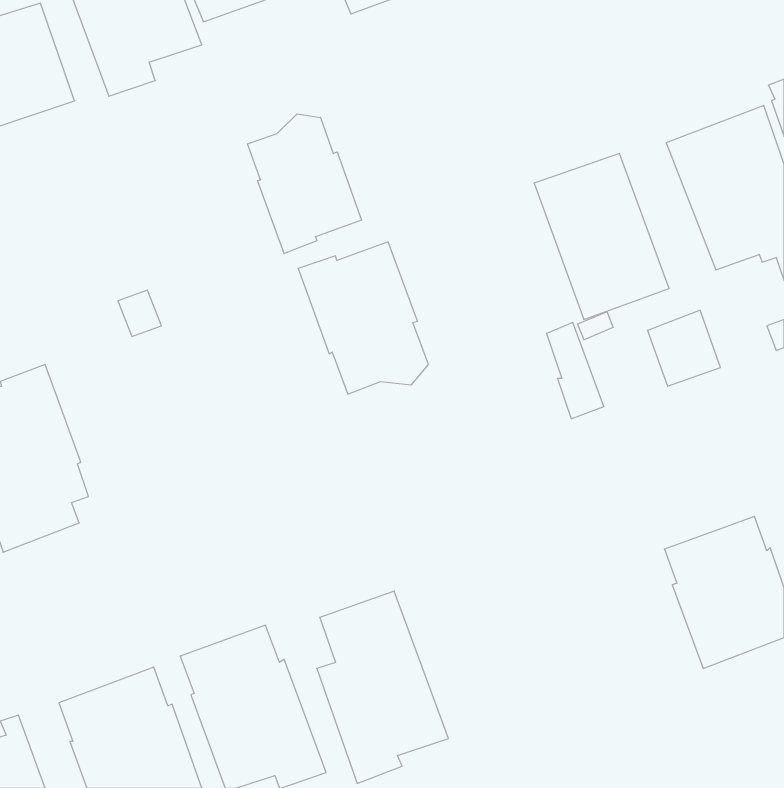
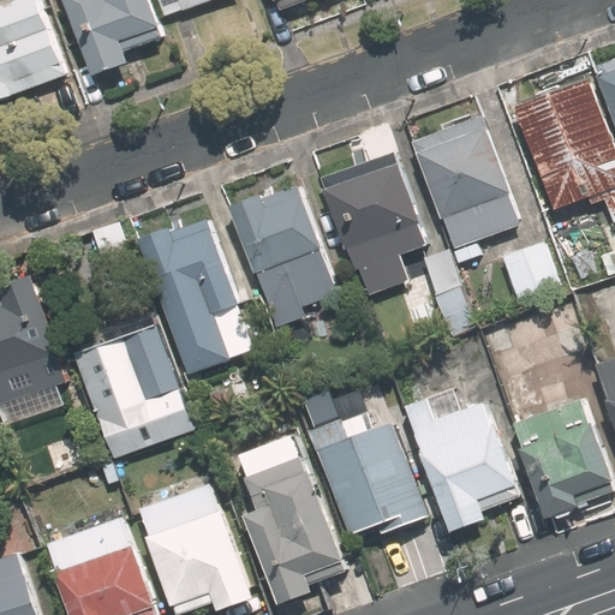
building: [248,114,361,254] -> none
building: none -> [322,153,425,292]
building: none -> [139,221,238,371]
building: none -> [74,309,191,454]
building: none -> [405,402,518,530]
building: none -> [309,412,429,536]

